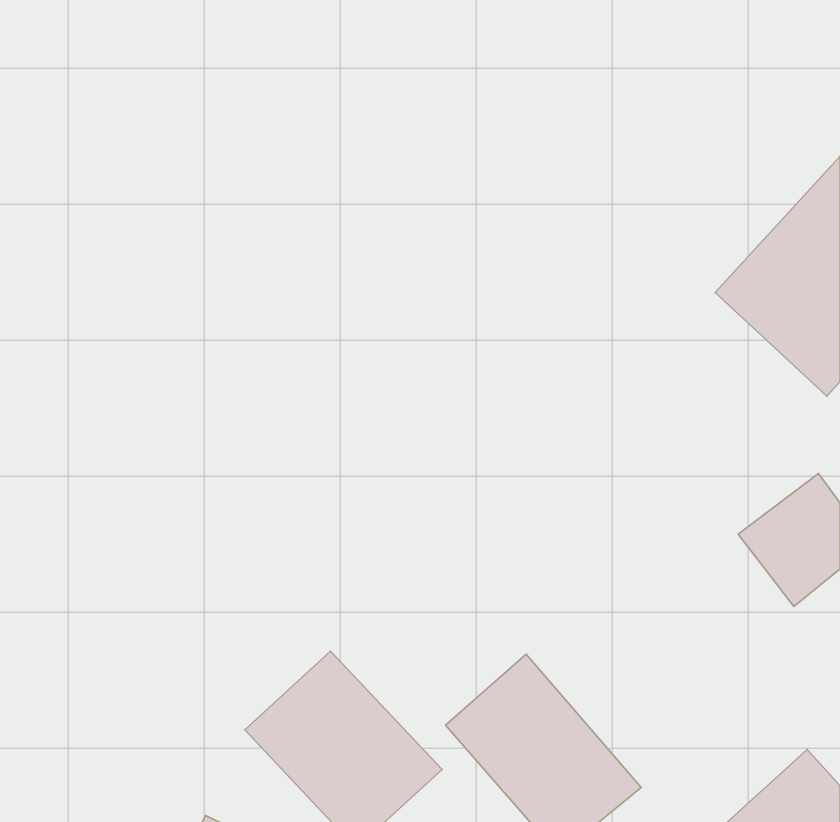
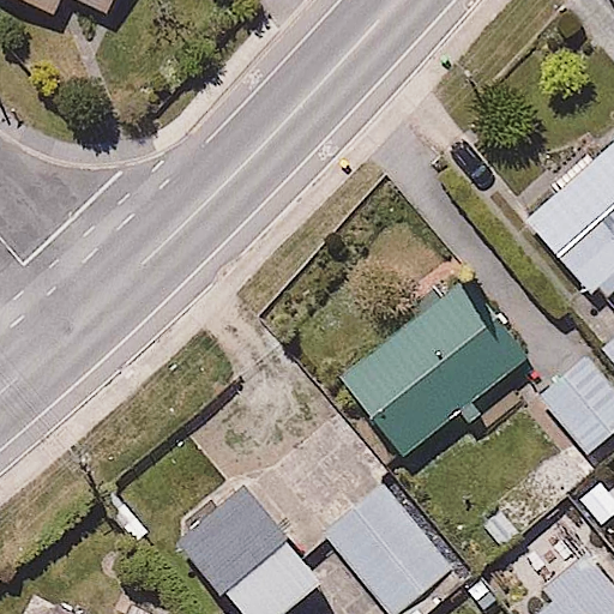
building: none -> [345,279,530,463]

